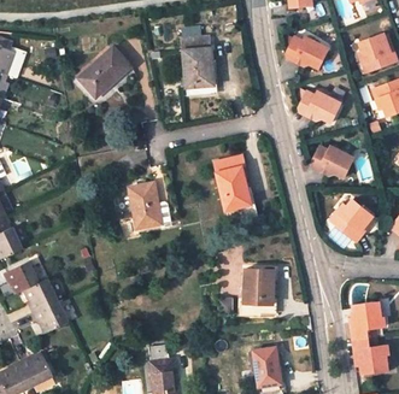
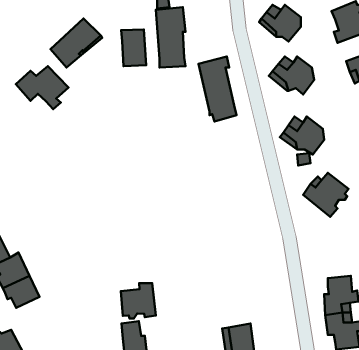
building: none -> [121,29,146,66]
building: none -> [16,66,68,109]
building: [215,155,252,219] -> [199,56,237,121]
building: [119,183,162,237] -> none
building: [239,267,274,316] -> none
building: none -> [121,283,156,319]

